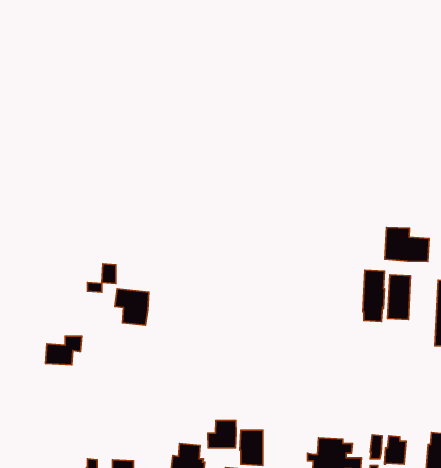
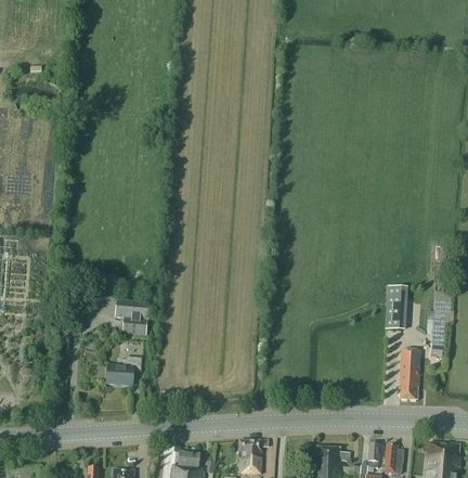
building: [385,228,429,262] -> none
building: [363,270,385,322] -> [399,349,420,400]
building: [46,336,82,365] -> [106,357,142,385]
building: [208,421,236,448] -> none

